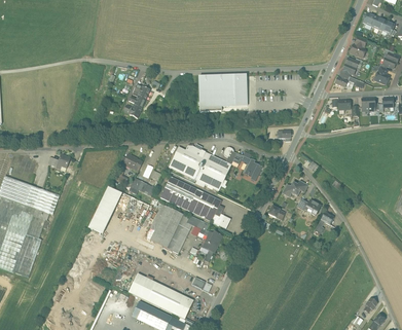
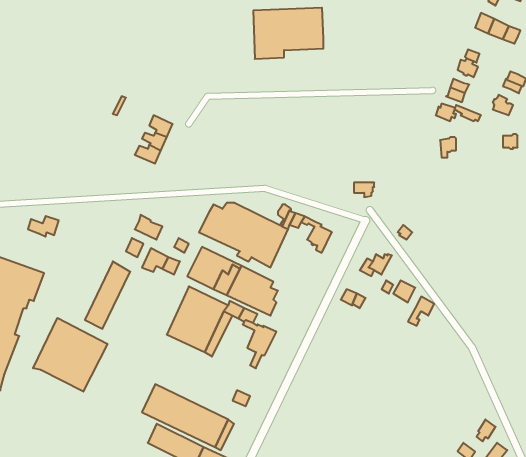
building: [198,75,248,111] -> [253,8,323,59]
building: none -> [33,318,107,392]

